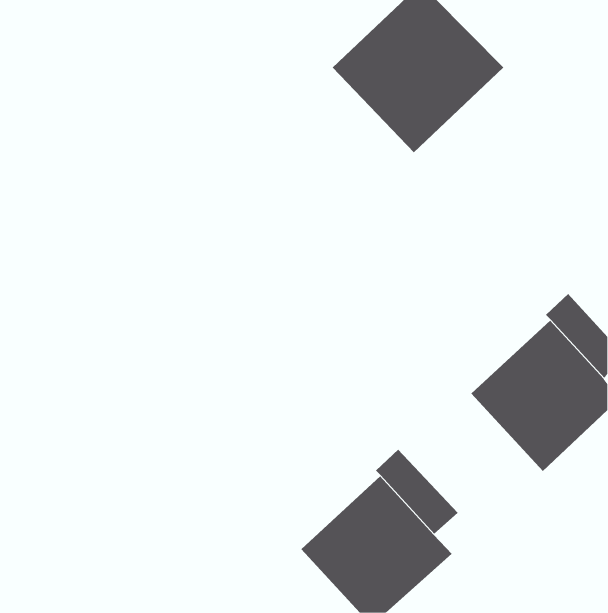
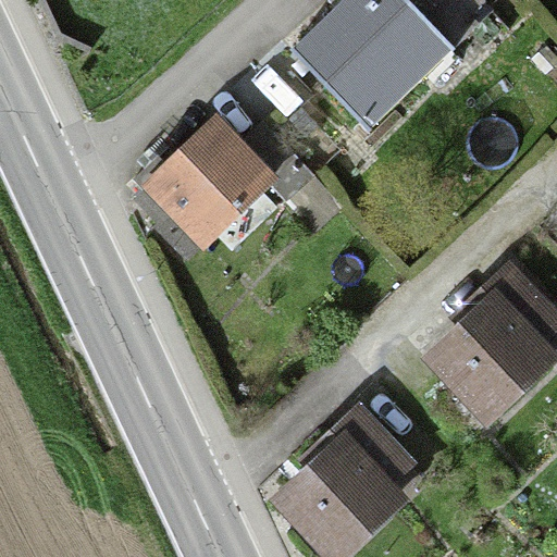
building: none -> [140,112,275,247]

